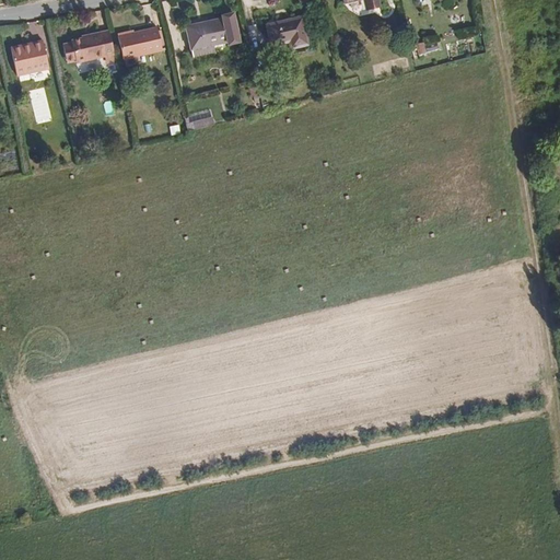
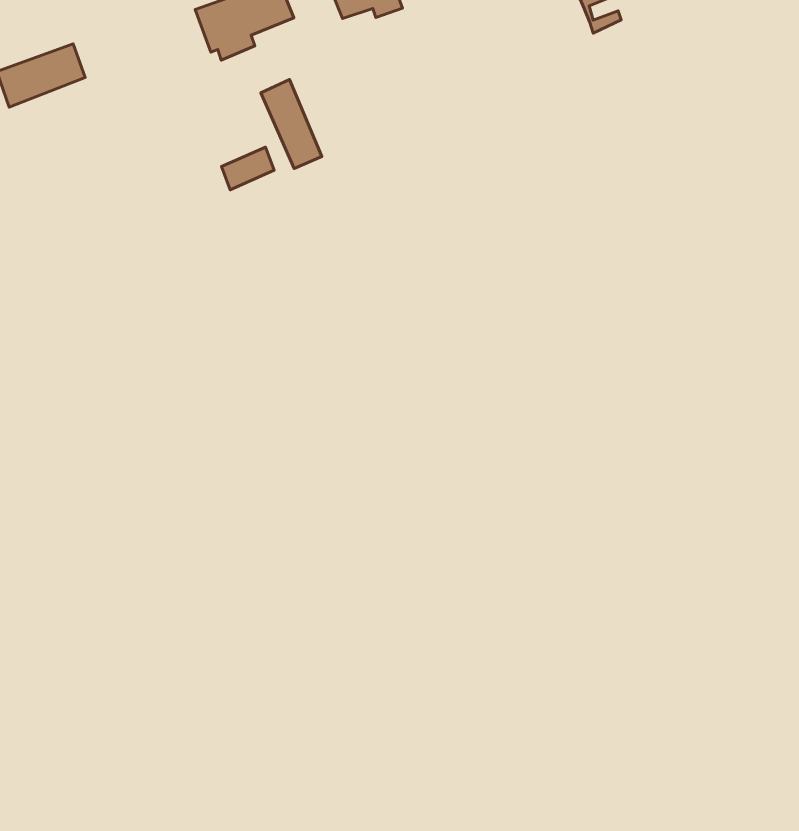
building: [119,30,161,59] -> none
building: none -> [261,80,322,169]

